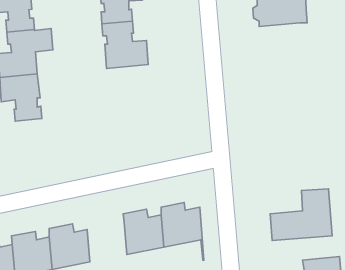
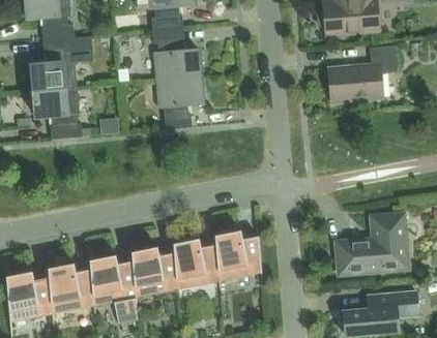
building: none -> [328,45,398,102]
building: none -> [154,76,203,129]
building: none -> [132,246,177,297]

